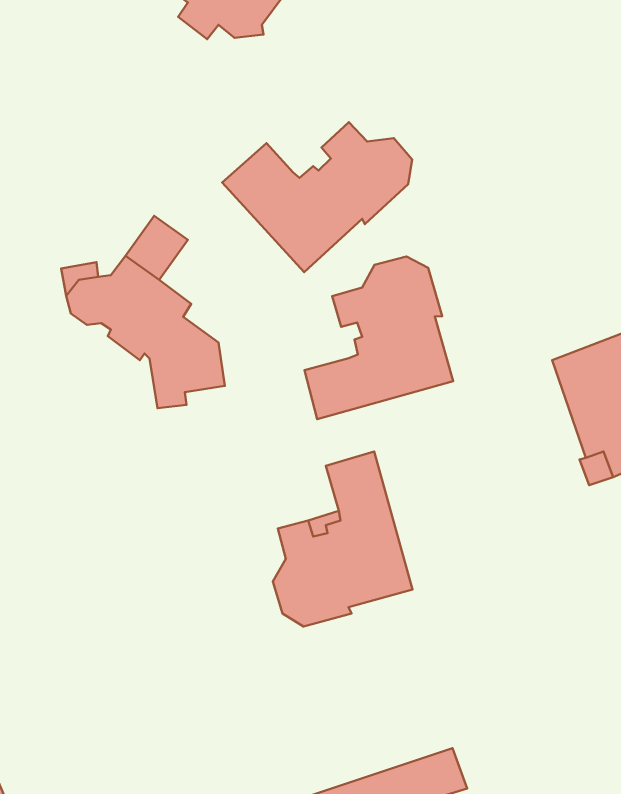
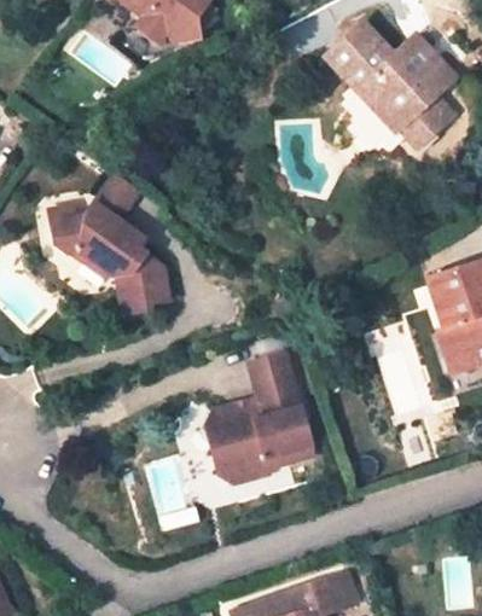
building: none -> [323,23,453,150]
building: [222,122,412,272] -> none
building: [304,257,453,419] -> none

